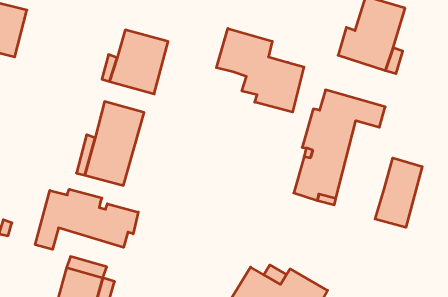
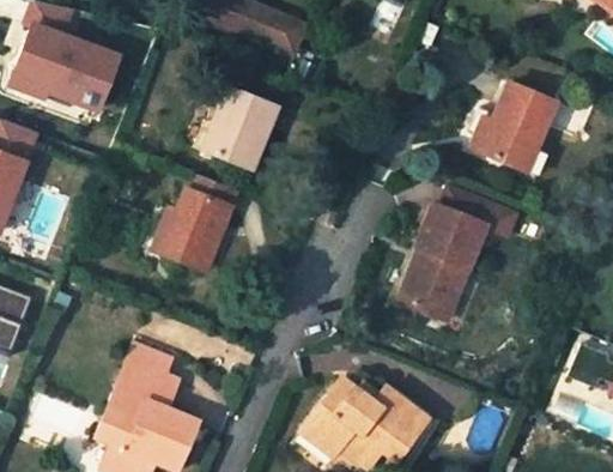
building: [216,28,304,112] -> none
building: [375,158,422,227] -> none
building: [35,189,138,249] -> none

